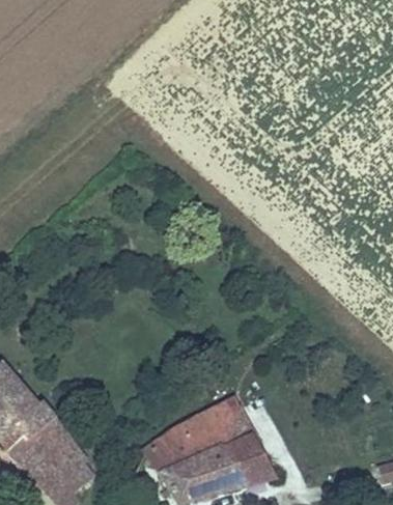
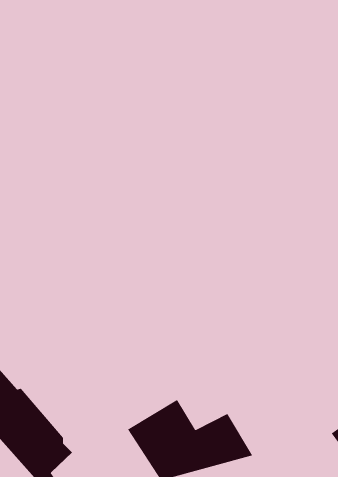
building: [199,399,251,449] -> none

